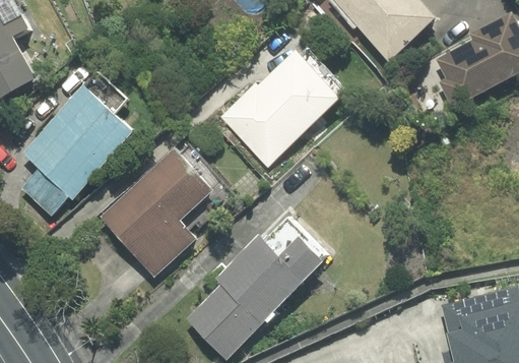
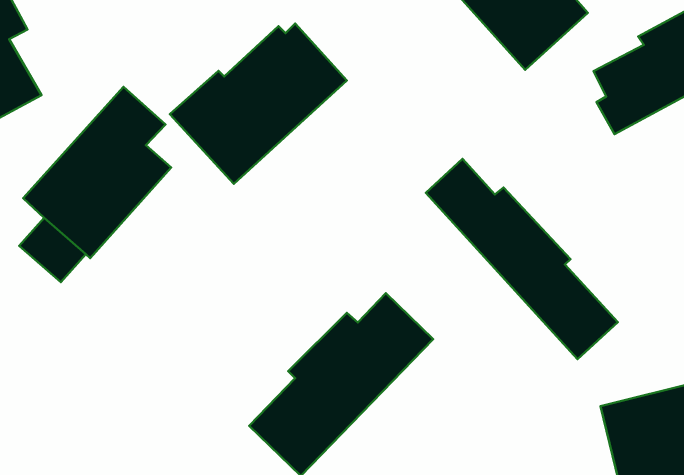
building: [223,51,352,168] -> [170,23,347,184]
building: none -> [426,159,618,359]
building: [100,146,231,276] -> none

